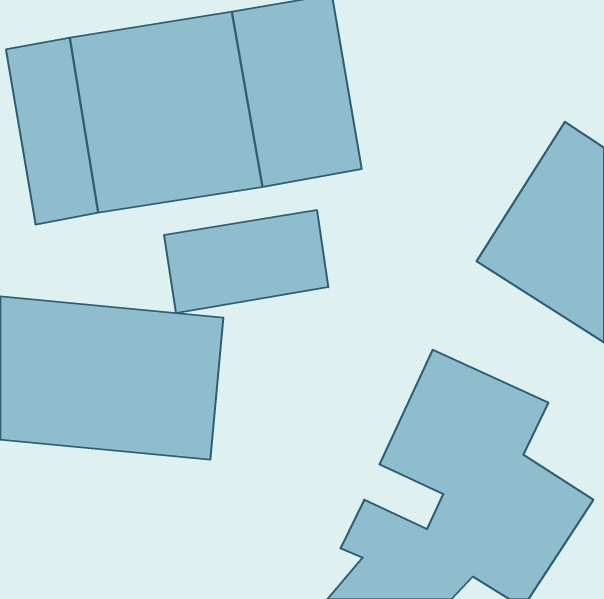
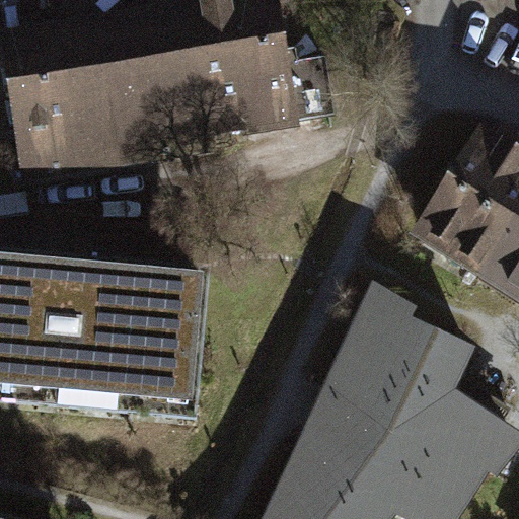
building: [164,210,328,313] -> none

